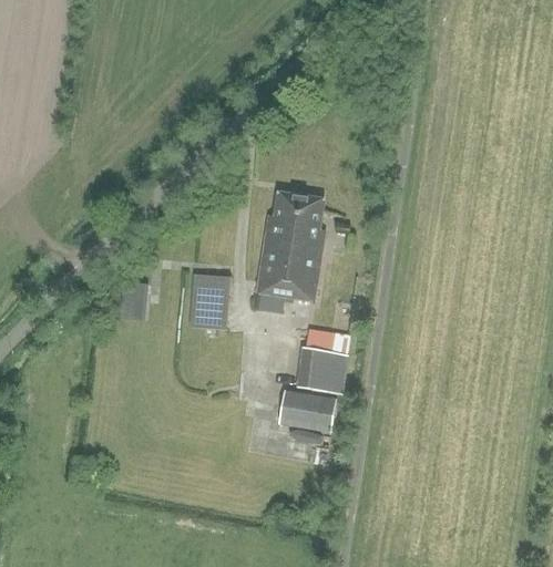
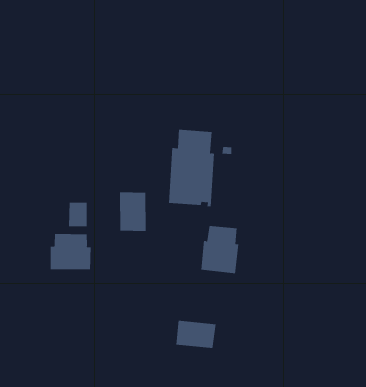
building: none -> [50,233,91,270]
building: [278,391,336,433] -> [176,320,216,349]

